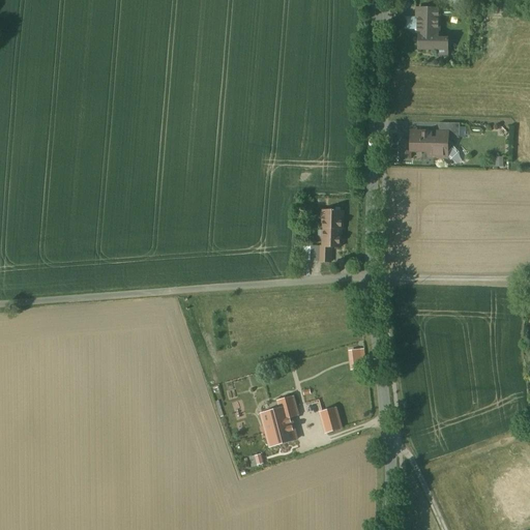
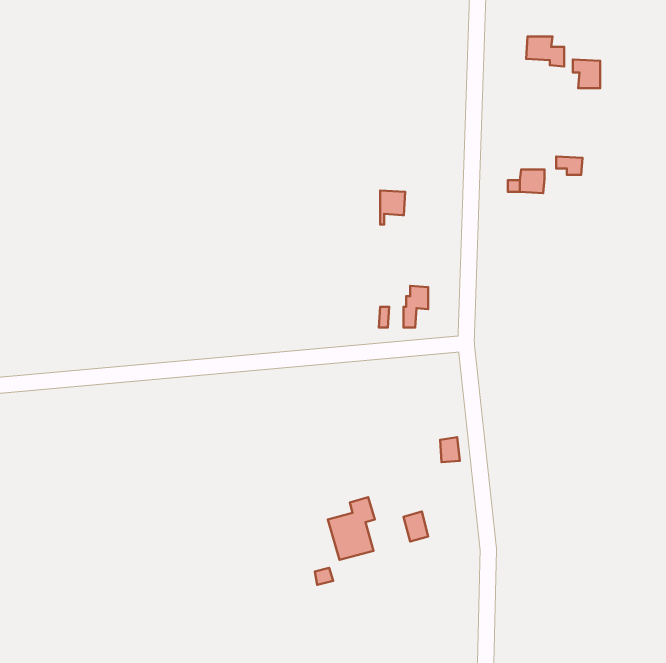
building: [416,6,438,29] -> [573,59,600,88]
building: [431,134,461,161] -> none
building: [322,208,342,235] -> [380,190,405,224]

